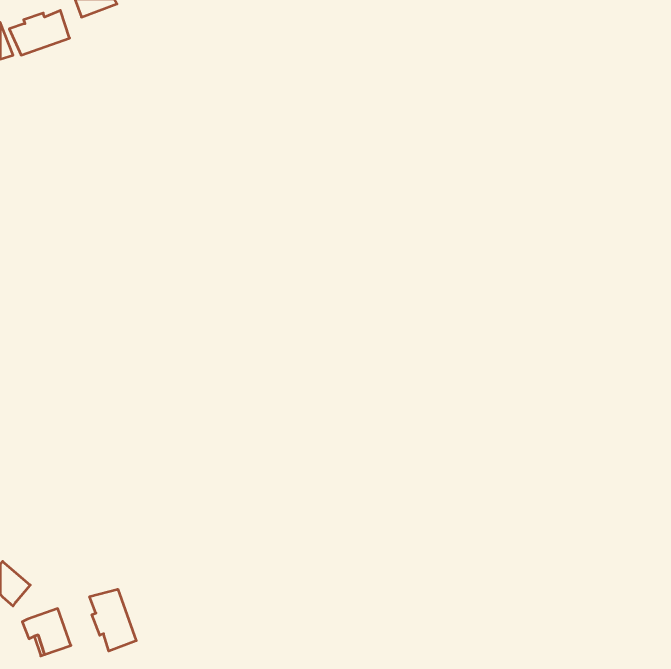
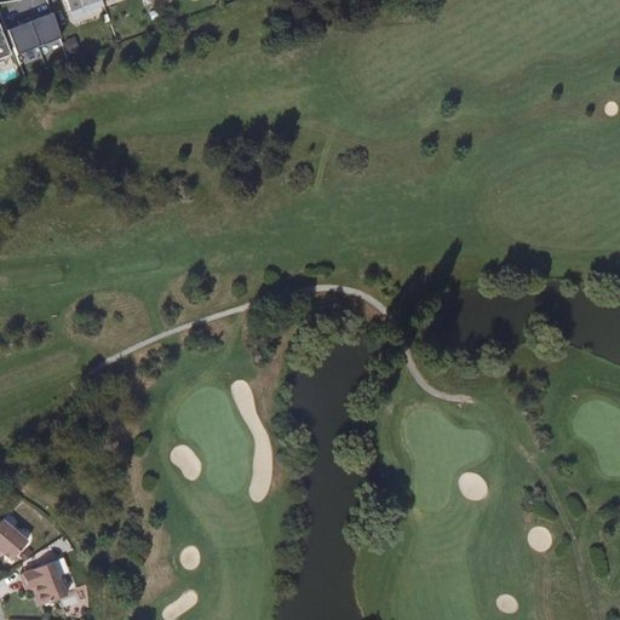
building: [90,589,136,651] -> none

